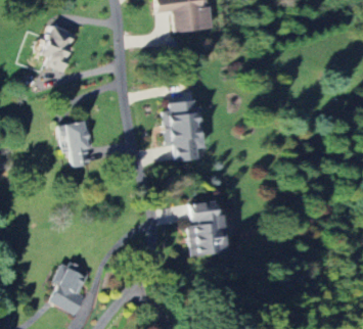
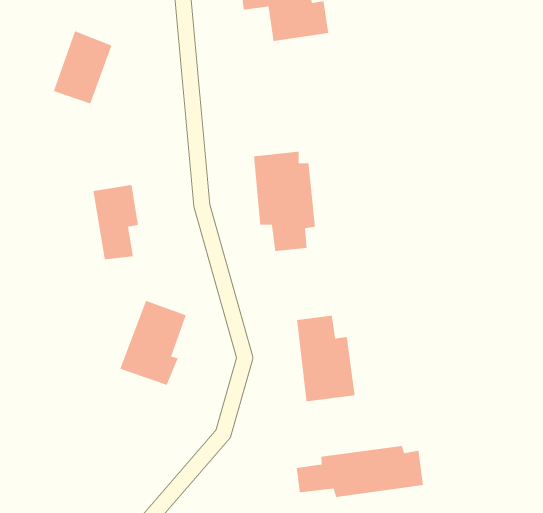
building: [48,261,90,314] -> [119,300,187,386]
building: none -> [296,445,424,498]

